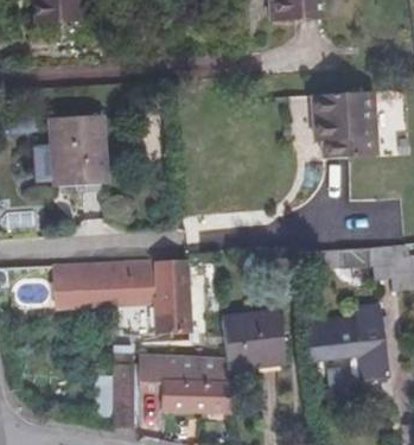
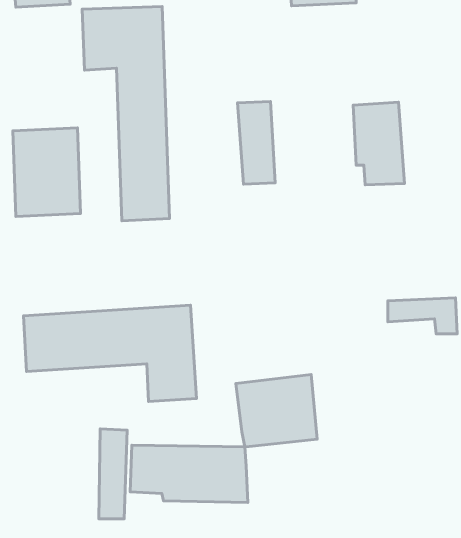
building: none -> [82,6,170,221]
building: [350,94,380,159] -> [237,101,275,184]
building: [311,306,389,379] -> none

